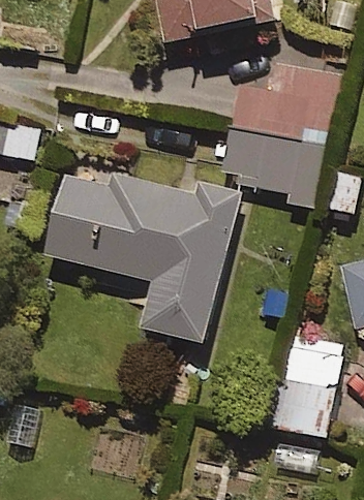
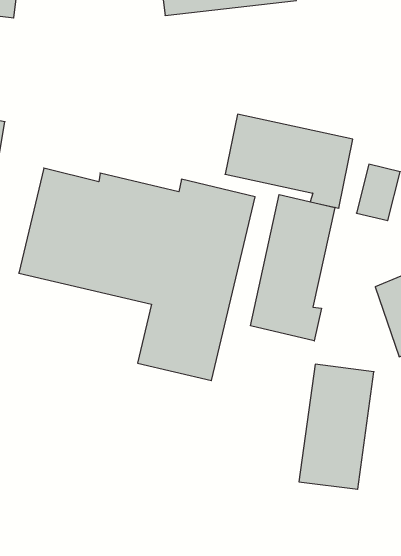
building: [225,56,338,147] -> none
building: none -> [251,195,335,341]

